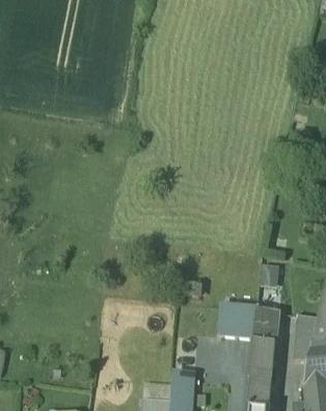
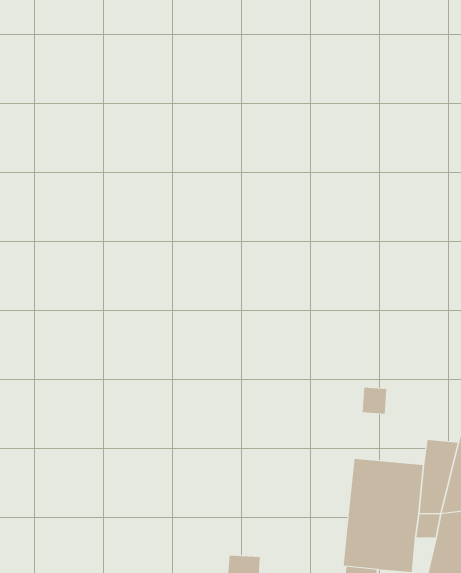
building: [220,303,255,336] -> none

